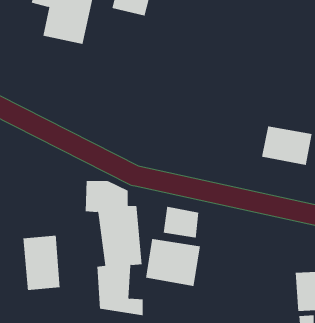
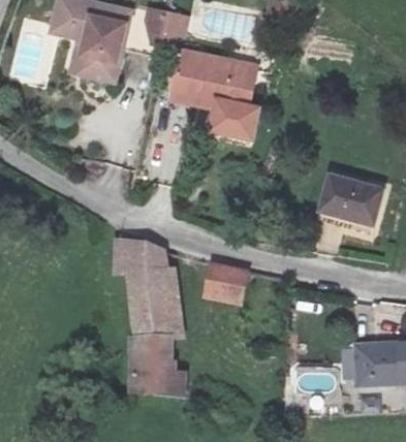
building: none -> [174,54,258,138]
building: [23,235,60,291] -> none
building: [146,238,200,287] -> none

